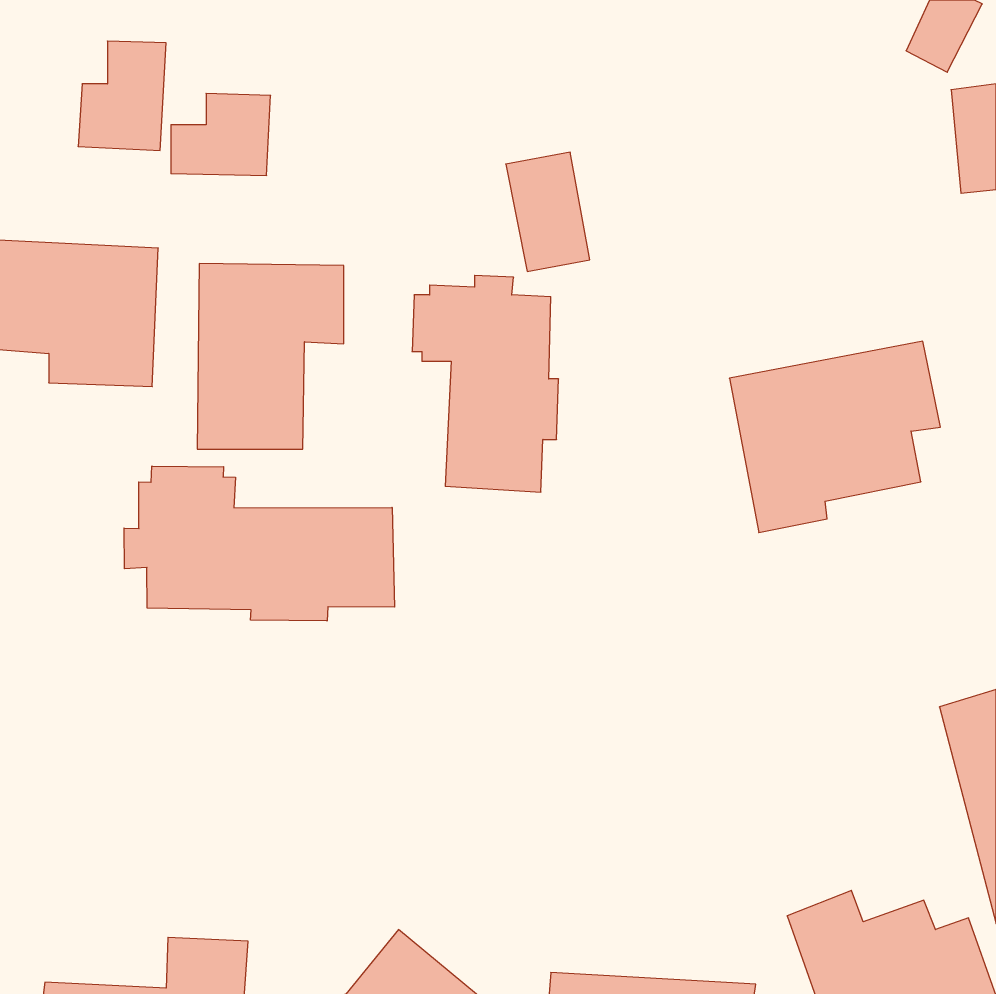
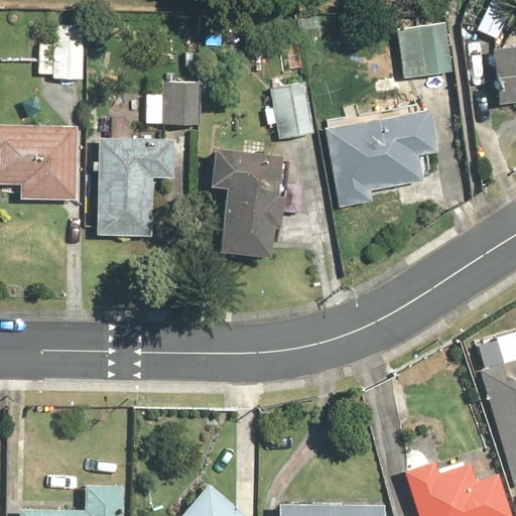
building: none -> [389,22,444,80]
building: [171,93,271,175] -> [148,82,200,124]
building: [729,341,940,533] -> [311,109,420,208]
building: [124,466,395,621] -> none

